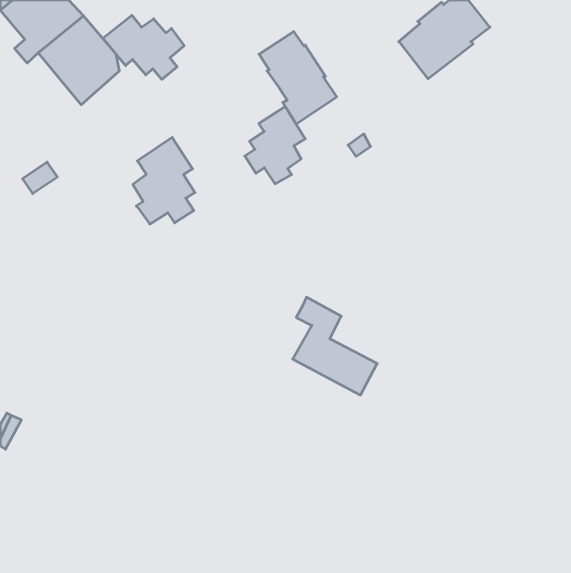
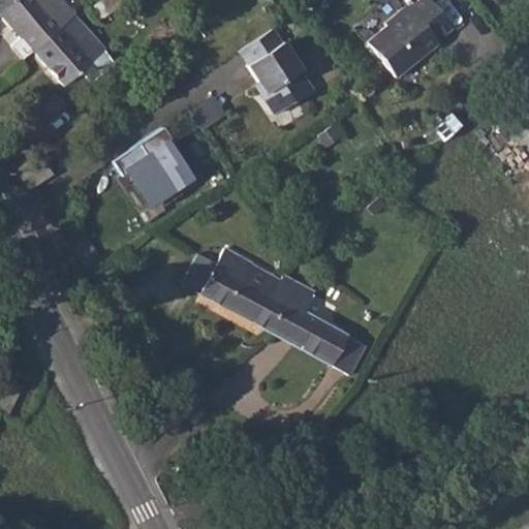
building: [103,15,184,79] -> none
building: [245,106,305,184] -> none
building: none -> [185,248,290,332]

